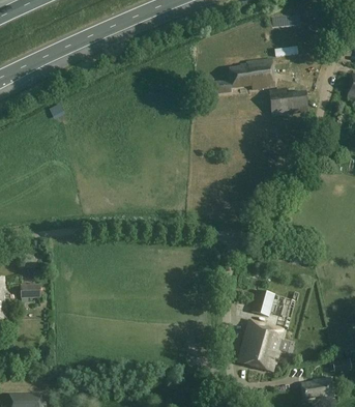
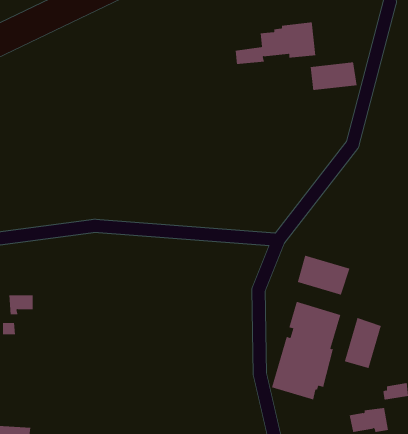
building: none -> [297,255,350,295]
building: none -> [344,317,381,369]

